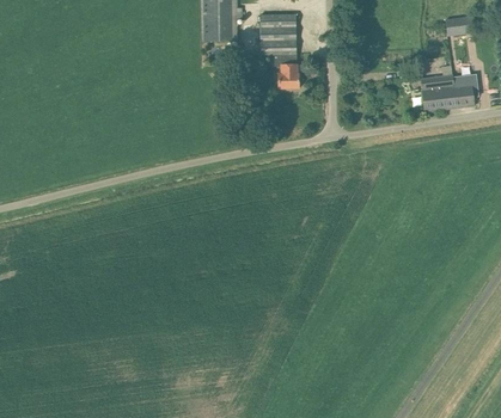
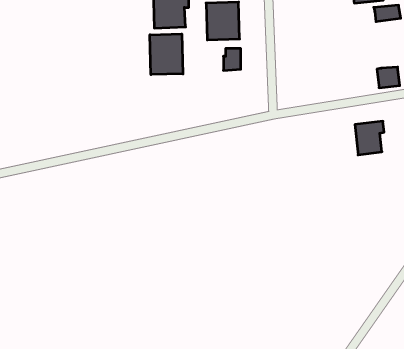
building: none -> [150,34,183,75]
building: [421,73,453,110] -> [355,121,384,155]

